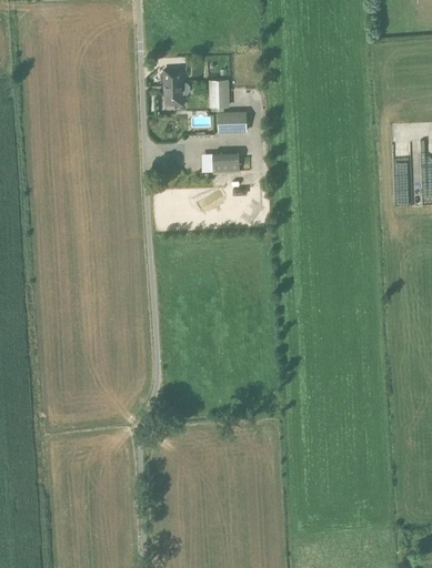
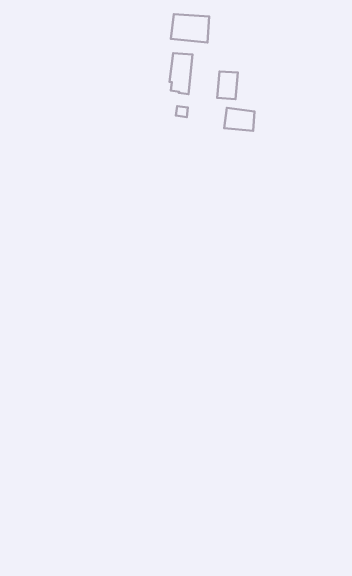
building: none -> [171,14,209,43]
building: [212,153,240,175] -> none

